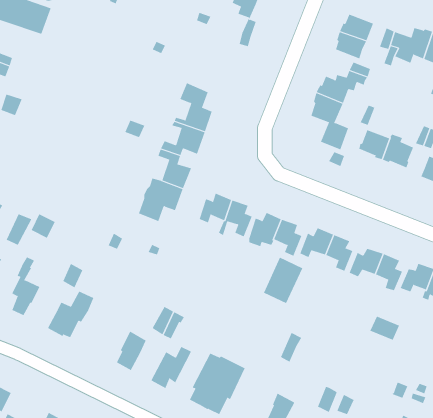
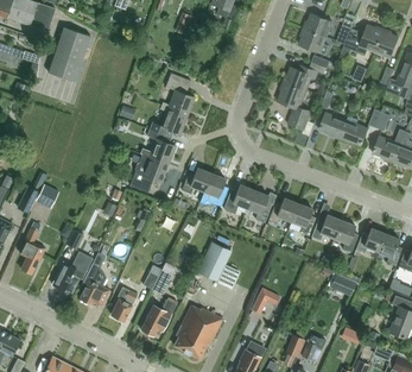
building: none -> [47,27,90,81]
building: [263,257,303,304] -> [196,241,230,282]
building: none -> [78,254,108,305]

